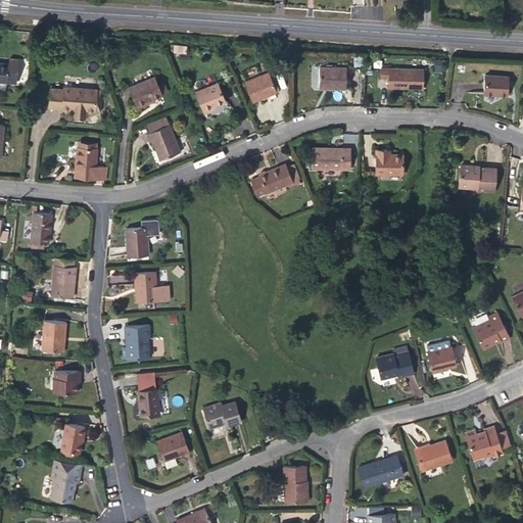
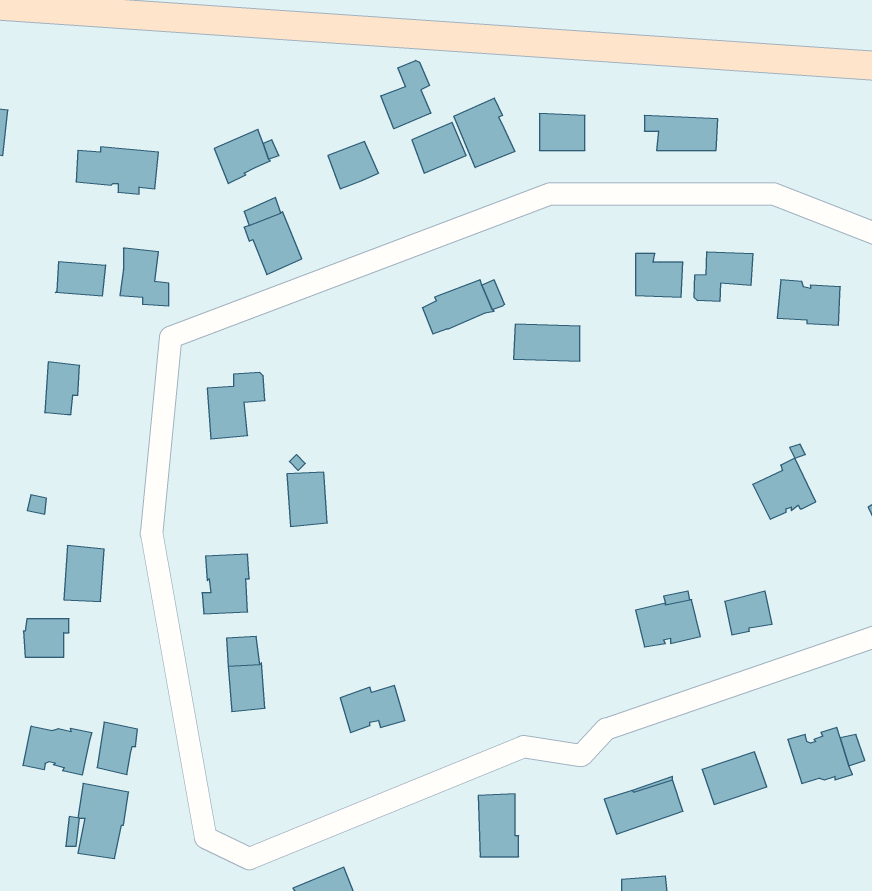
building: none -> [381,60,431,129]
building: none -> [454,98,515,168]
building: [484,76,508,96] -> none
building: [312,148,350,170] -> [514,324,580,361]
building: none -> [694,252,753,301]
building: none -> [55,262,106,296]
building: [51,257,76,298] -> none
building: [134,272,157,303] -> [287,472,327,526]
building: [473,313,510,348] -> [753,458,816,519]
building: [53,371,80,393] -> [23,619,69,657]
building: none -> [23,726,92,775]
building: [157,432,190,469] -> none

